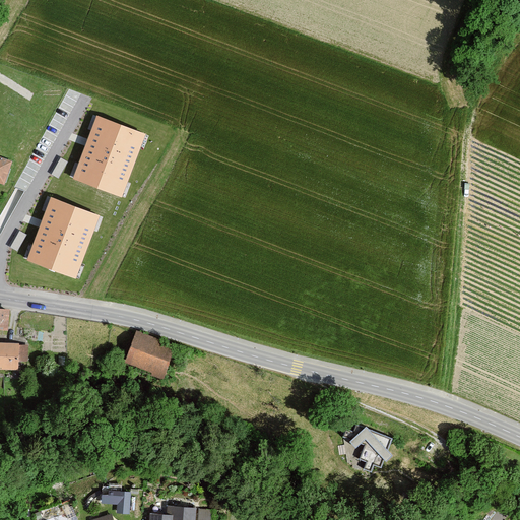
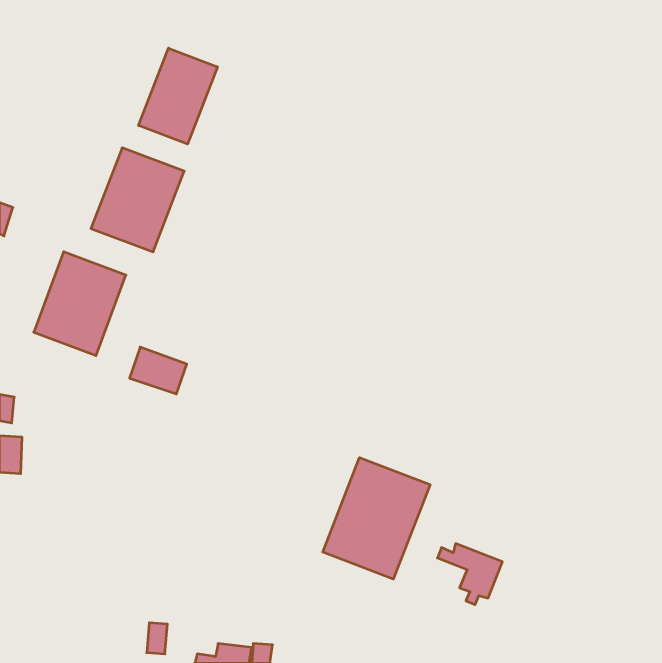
building: none -> [139,48,217,144]
building: [127,334,172,371] -> [130,347,187,394]
building: none -> [323,458,430,579]

